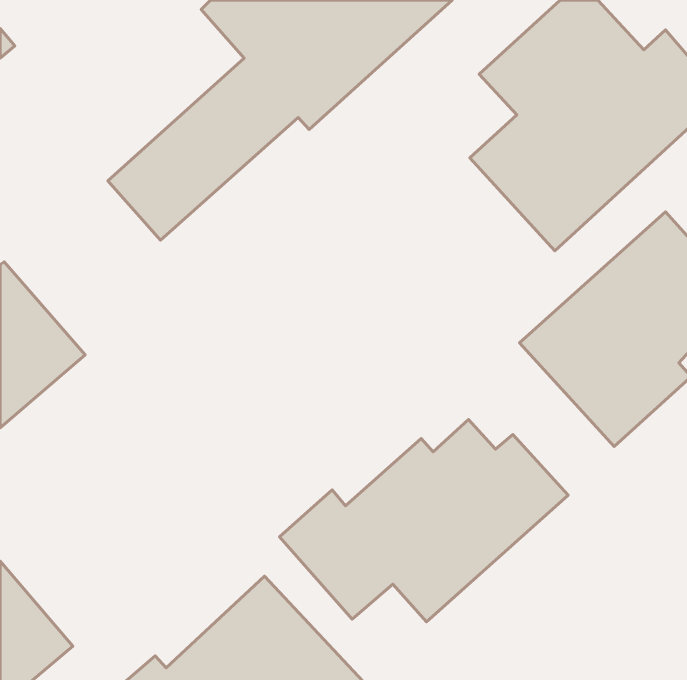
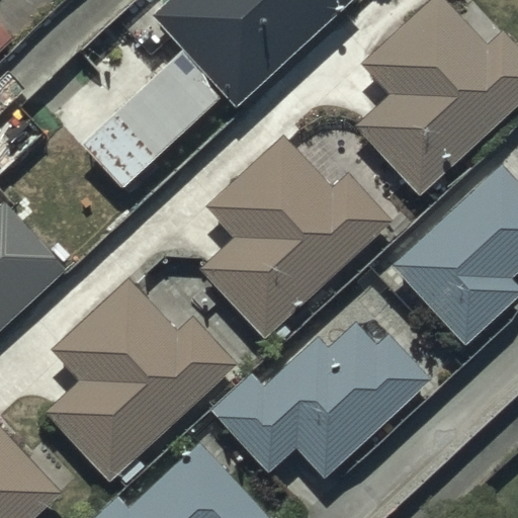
building: none -> [200,135,392,338]
building: none -> [47,279,238,482]

